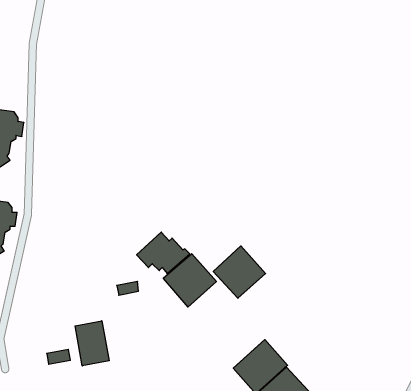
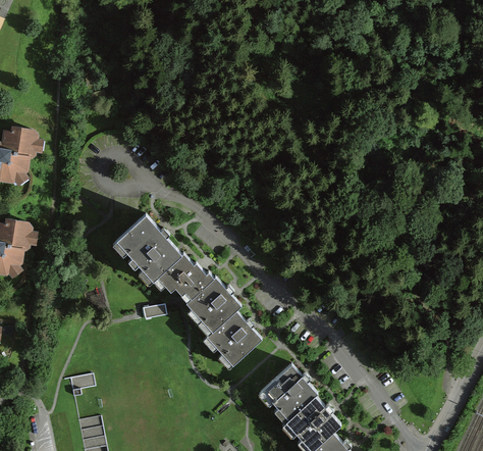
building: none -> [111,212,182,284]
building: [213,246,266,298] -> [206,311,260,365]
building: [75,321,109,366] -> none

